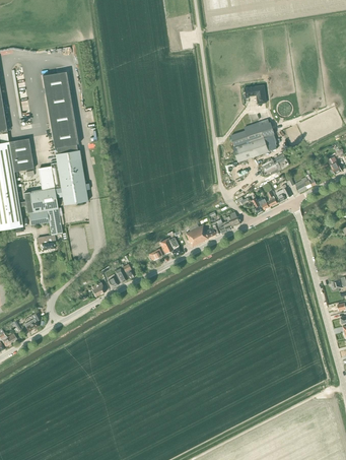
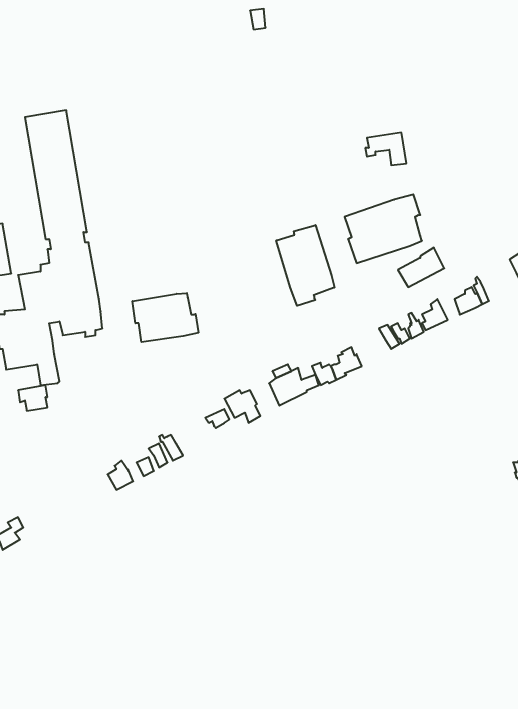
building: none -> [276,225,334,306]
building: none -> [133,293,198,342]

